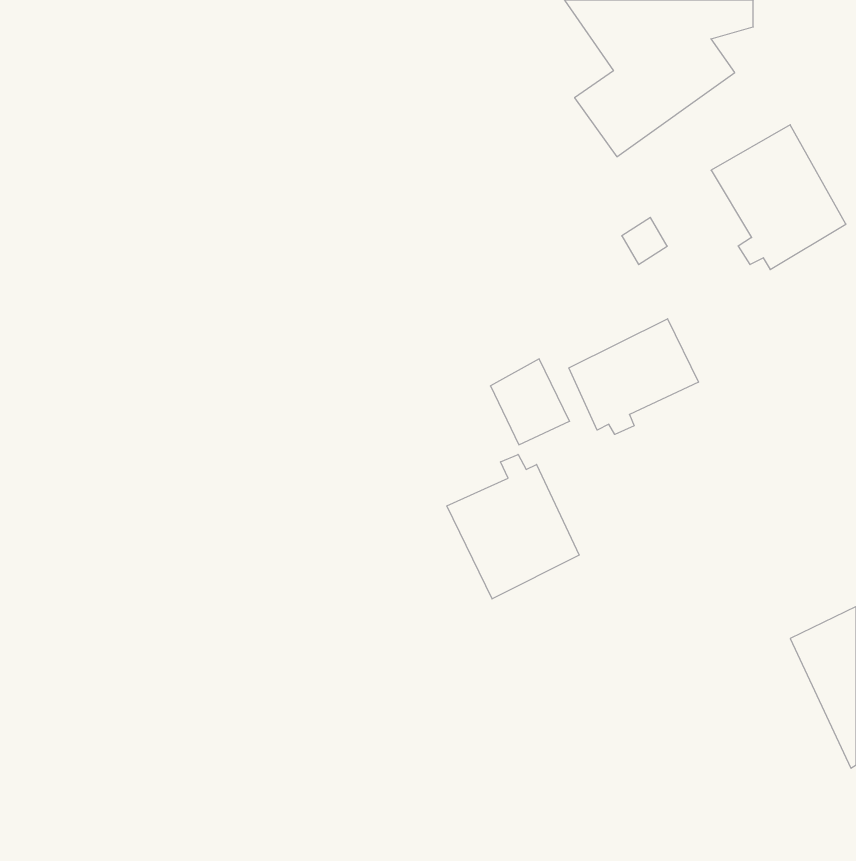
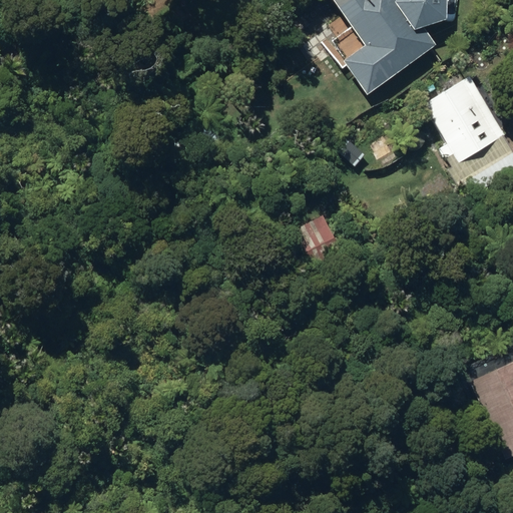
building: [569,319,698,434] -> none
building: [447,454,579,599] -> none

